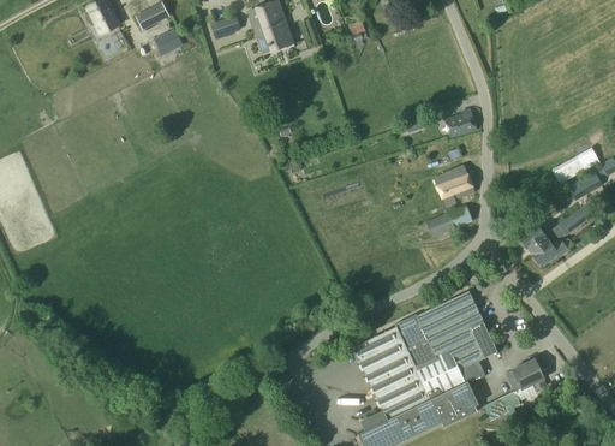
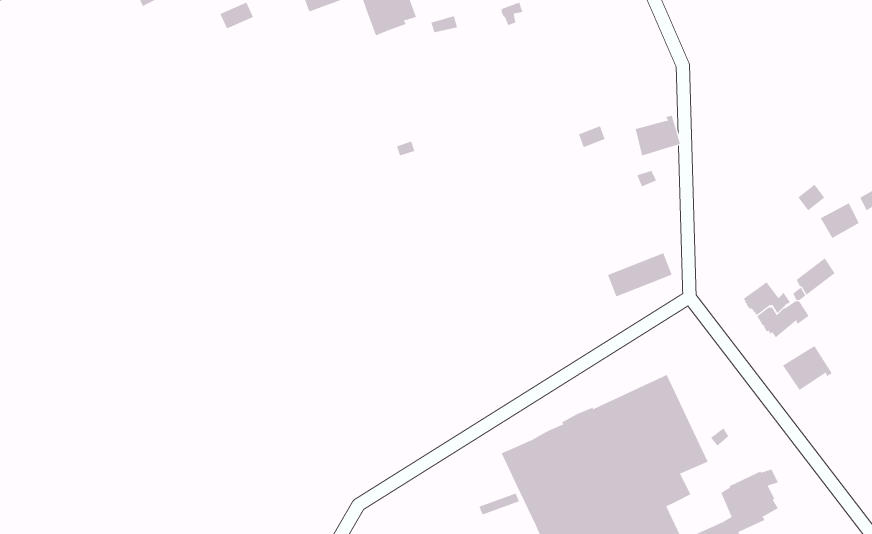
building: [435,165,474,206] -> none
building: none -> [782,345,832,391]

